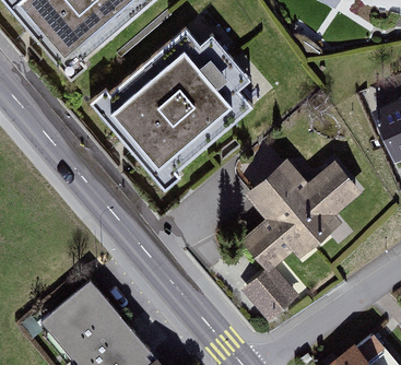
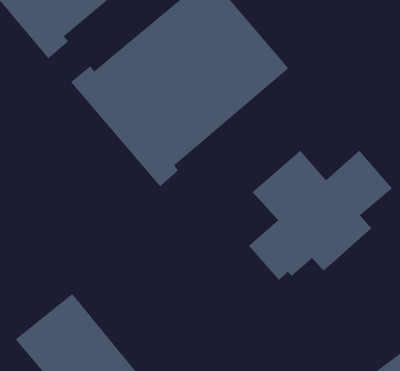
building: [244,264,299,319] -> none

